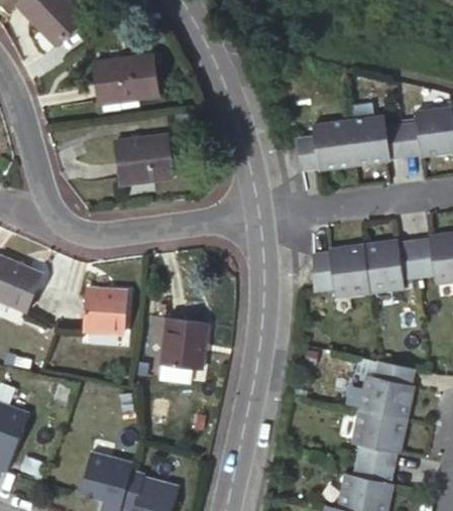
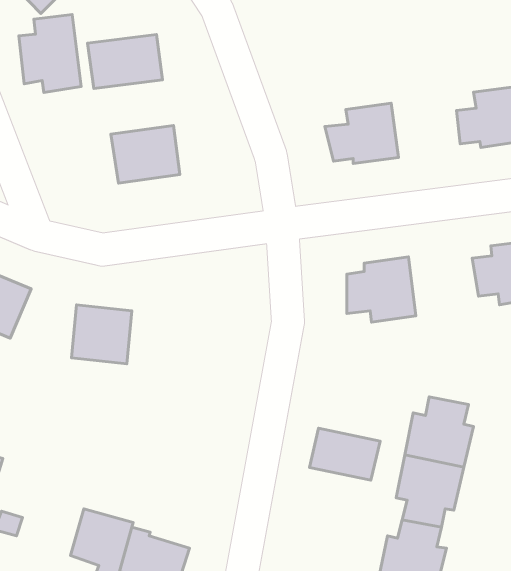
building: none -> [19,14,81,93]
building: [345,115,402,163] -> none
building: [359,241,417,293] -> none
building: [160,318,215,372] -> none
building: none -> [309,428,380,480]

